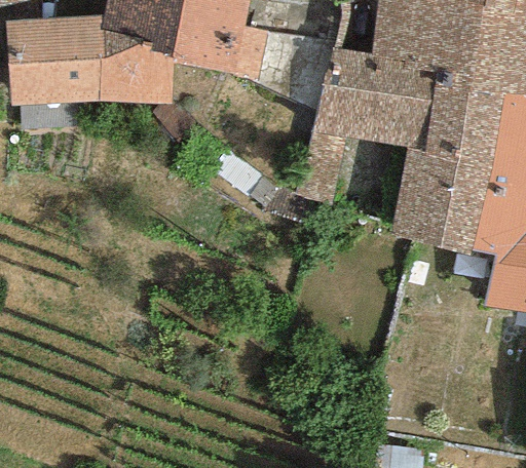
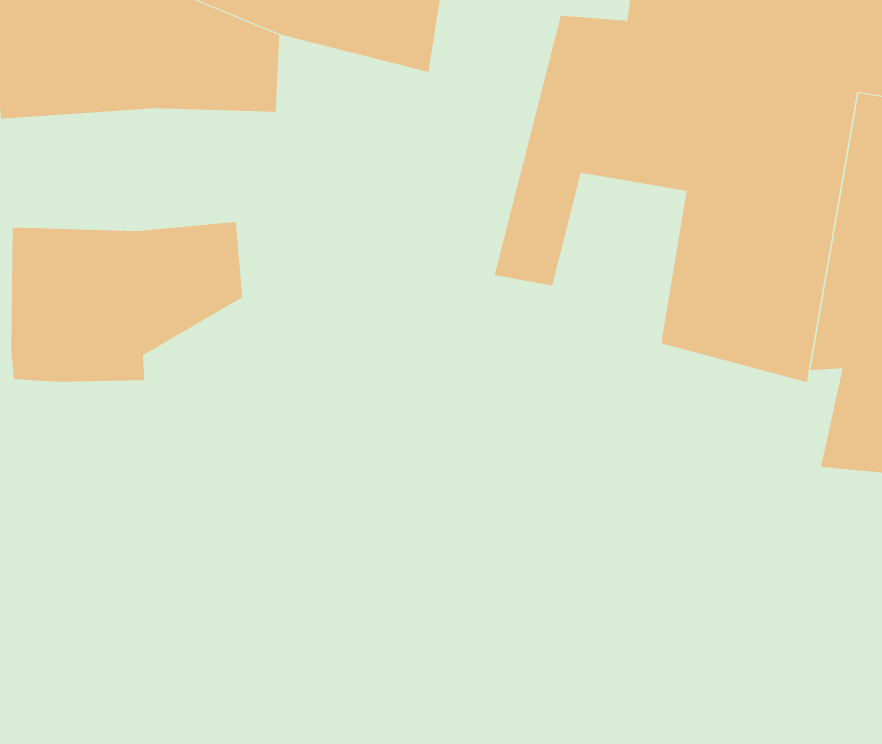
building: none -> [11,221,243,382]

